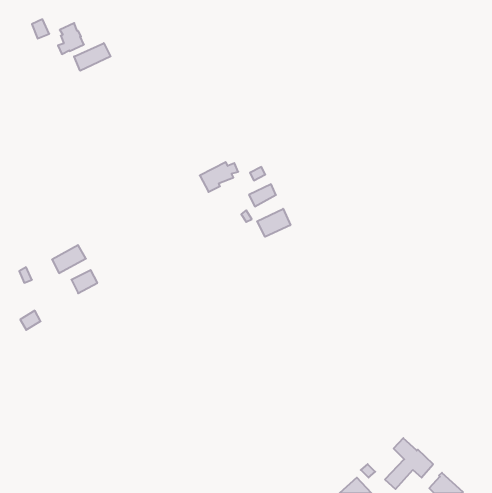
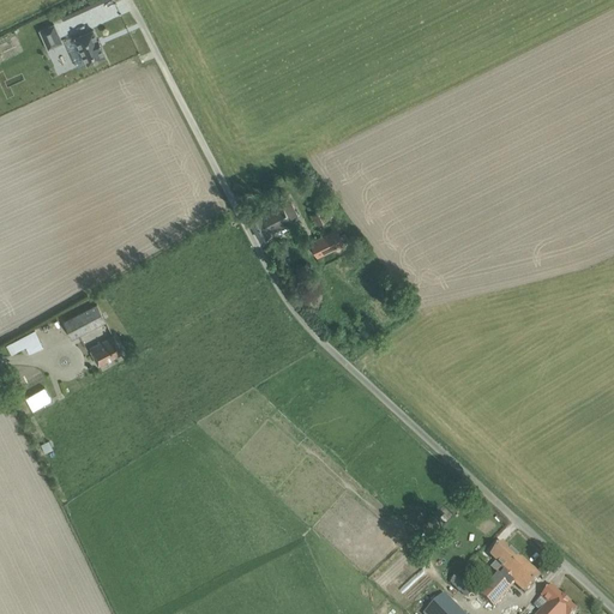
building: [74,43,111,71] -> none
building: [257,209,290,237] -> none

